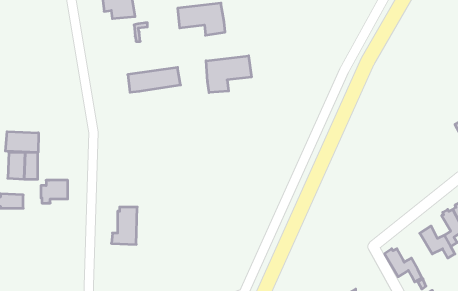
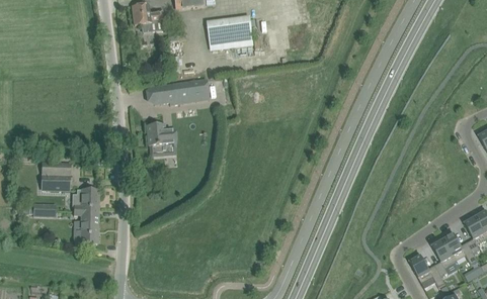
building: [206,56,251,93] -> none
building: none -> [148,124,175,155]
building: [5,132,38,152] -> none
building: [111,207,137,244] -> [74,207,99,243]
building: none -> [432,240,456,276]

